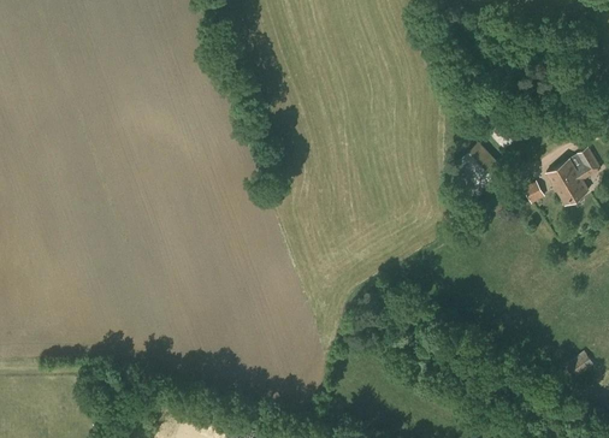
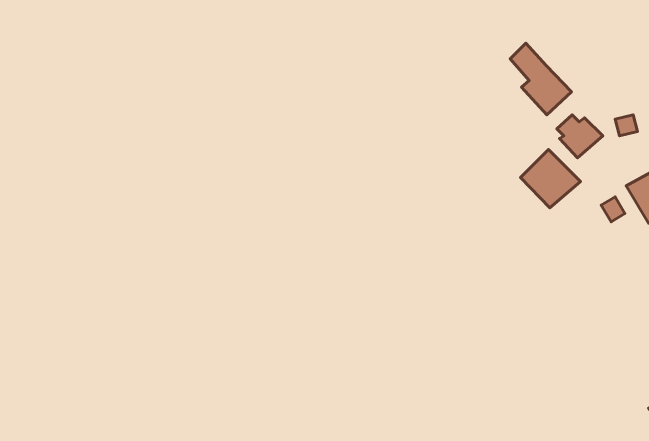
building: none -> [510,43,572,115]

